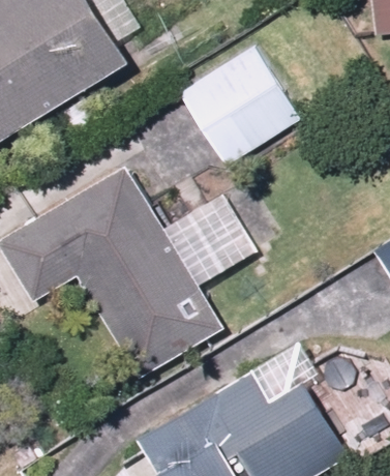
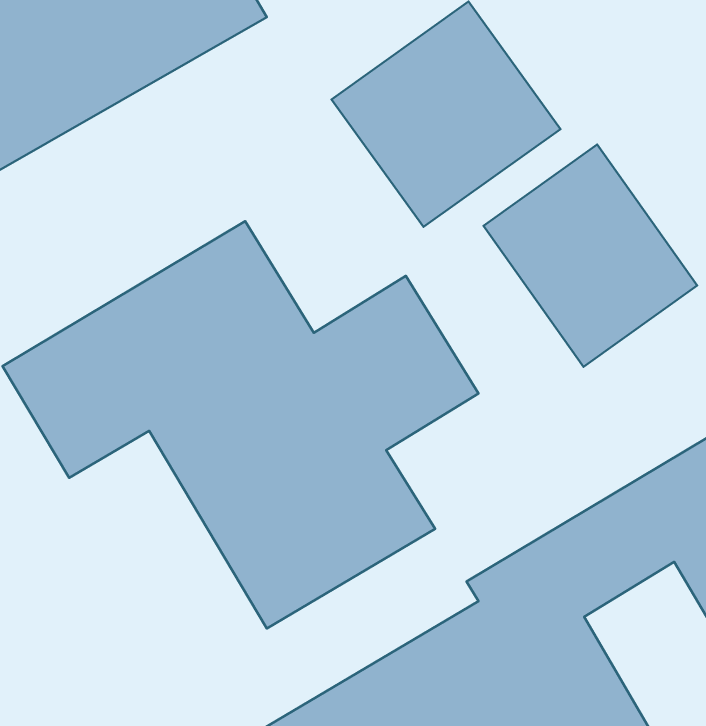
building: none -> [483,144,697,367]

